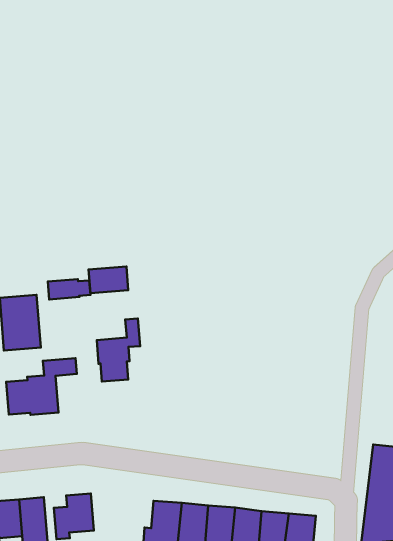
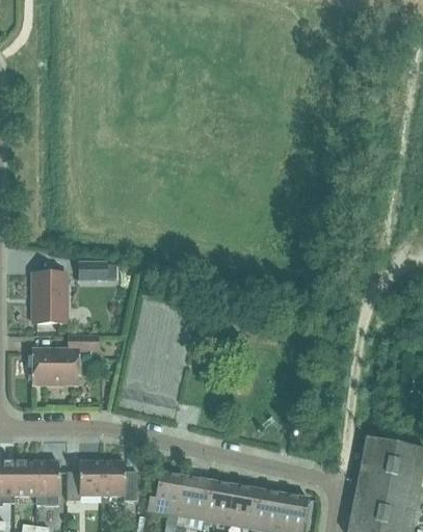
building: [88,267,128,293] -> none
building: [97,318,140,382] -> none
building: none -> [102,461,136,501]

